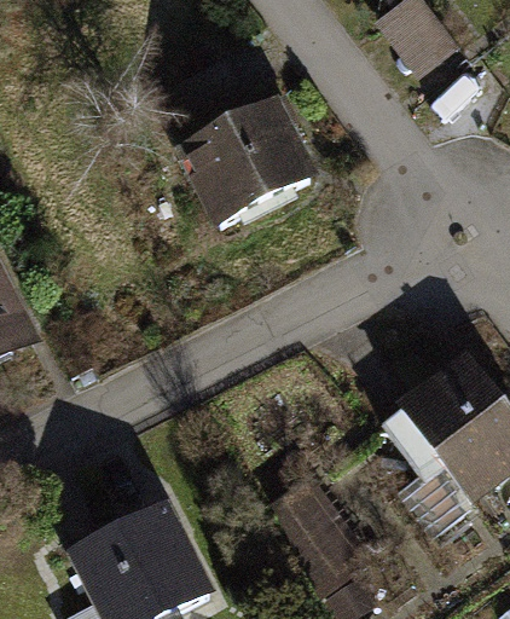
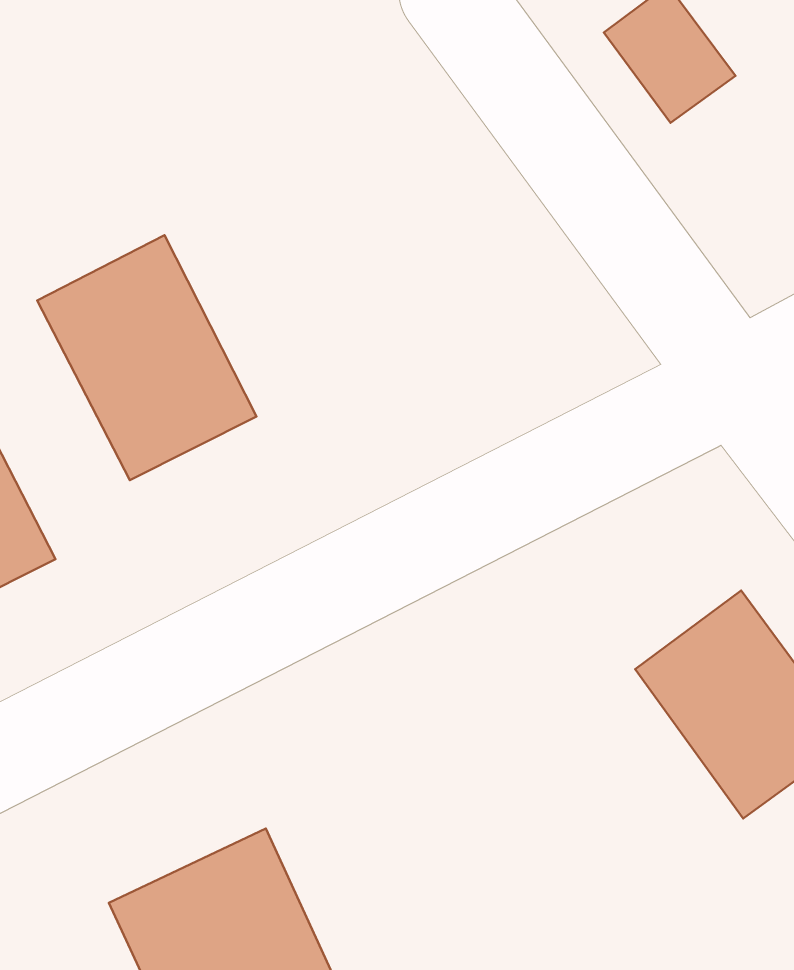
building: [178,102,306,215] -> none
building: none -> [37,235,256,480]

